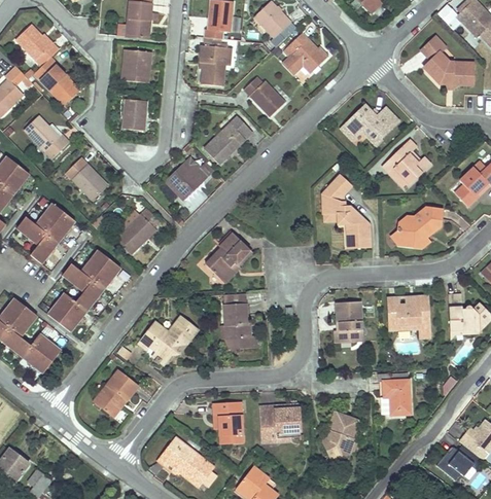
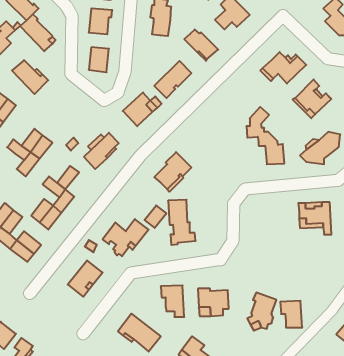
building: [65,156,108,200] -> none
building: [92,258,120,289] -> none
building: none -> [145,205,166,228]
building: [335,302,361,344] -> none
building: [383,381,411,415] -> [280,301,302,328]

